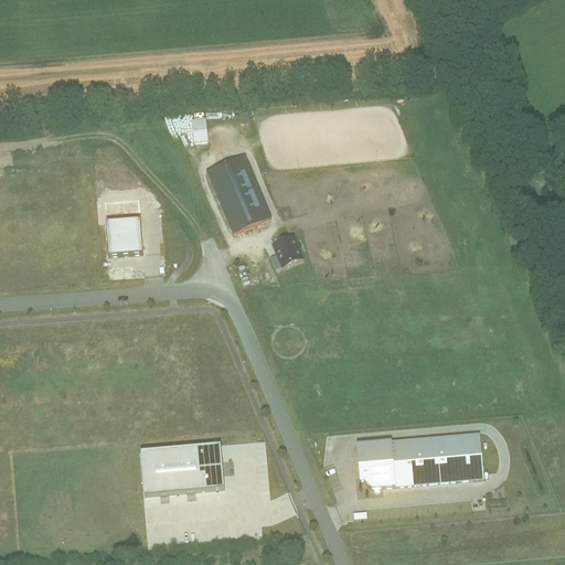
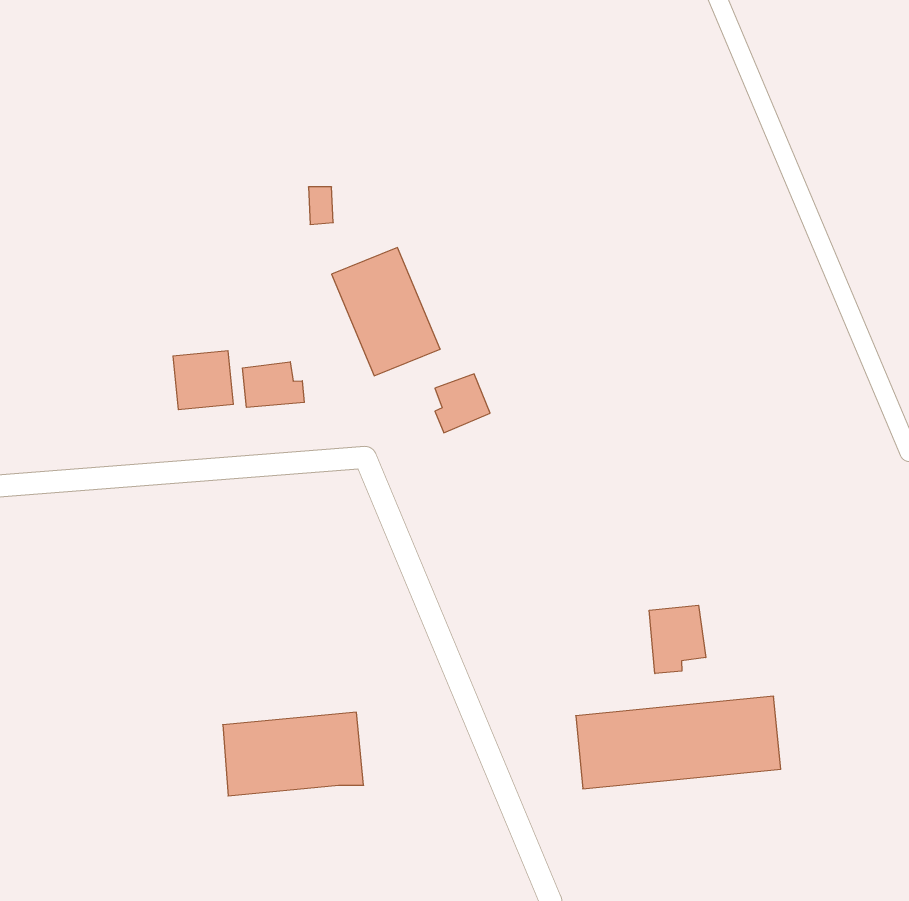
building: none -> [243,362,304,407]
building: none -> [649,605,706,674]

